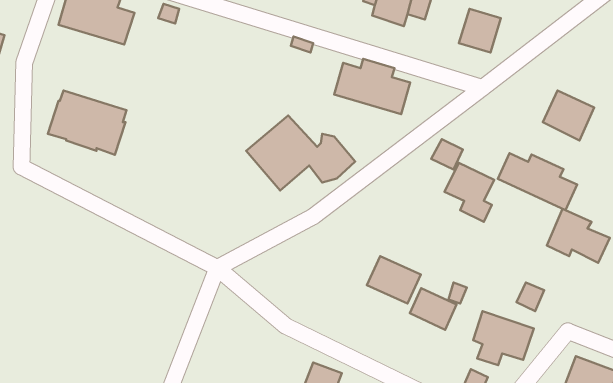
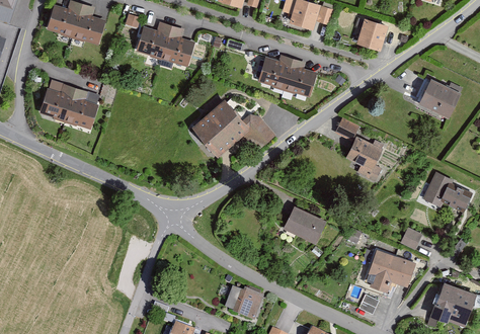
building: none -> [137,22,195,66]
building: [498,153,577,210] -> none
building: [410,288,456,330] -> none

